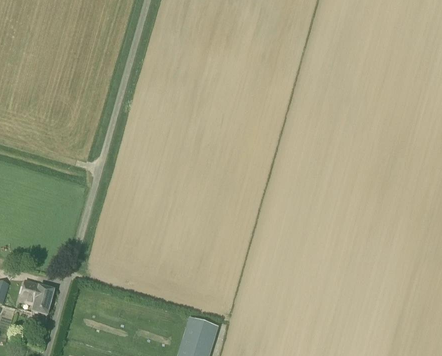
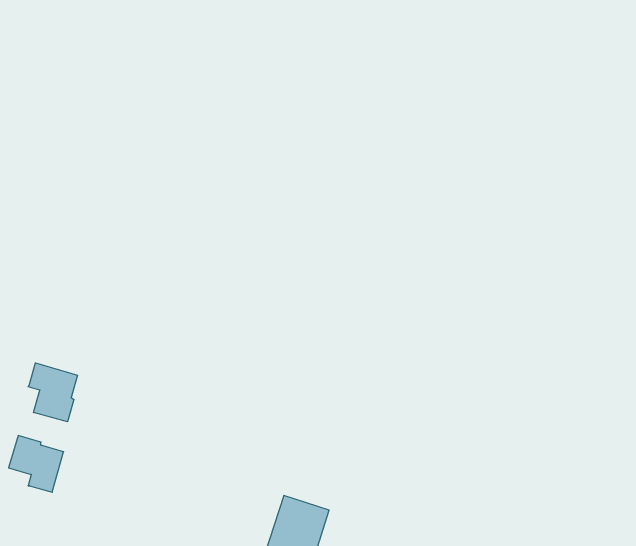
building: none -> [28,363,77,422]

